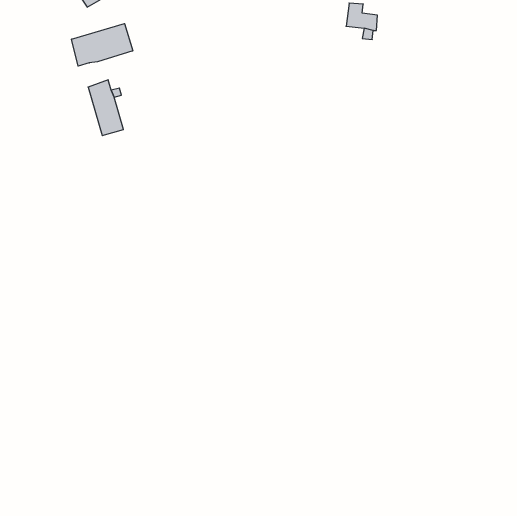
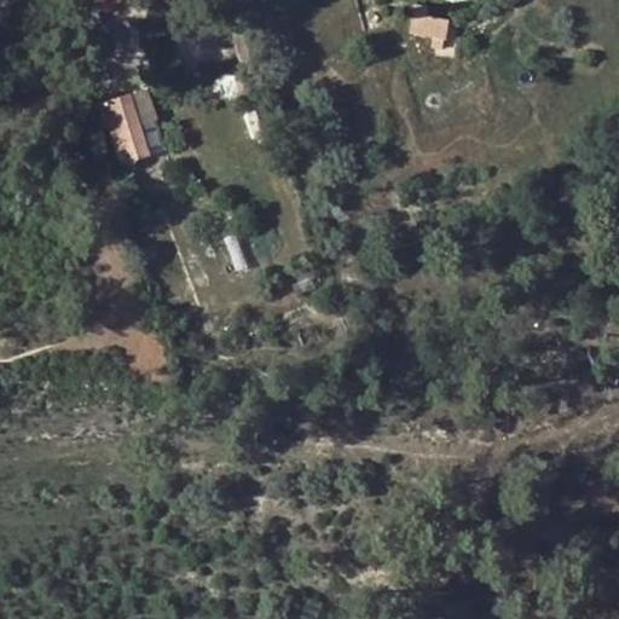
building: [72,24,133,66] -> none

